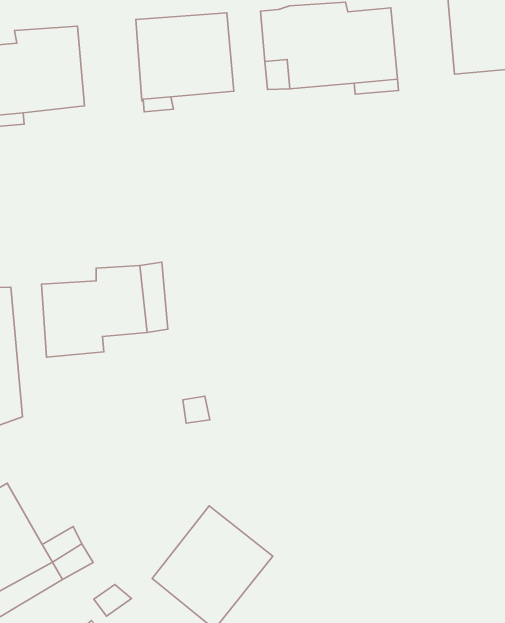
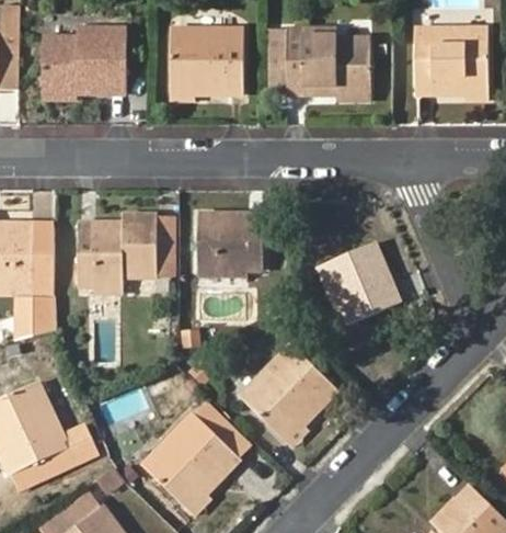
building: none -> [197,213,263,269]
building: none -> [323,241,400,324]
building: none -> [241,343,340,442]

